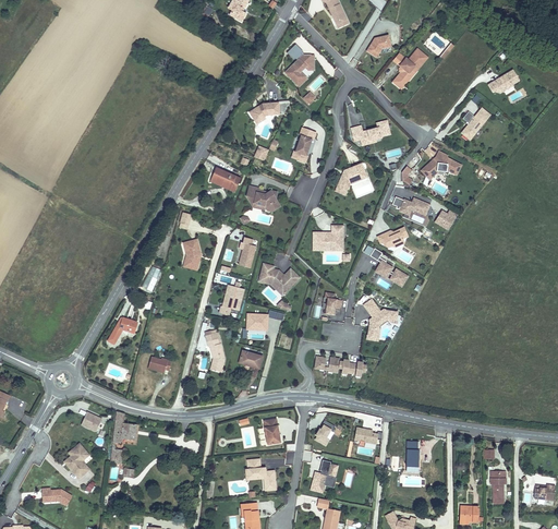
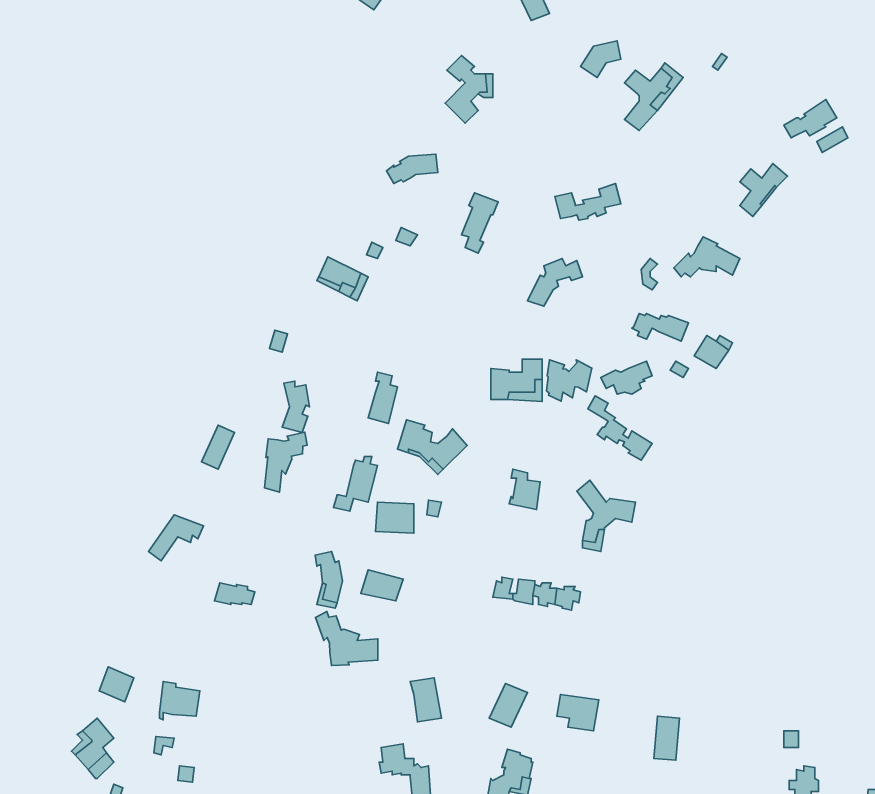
building: [246,184,280,211] -> none
building: none -> [547,360,592,401]
building: none -> [264,432,307,492]
building: none -> [316,611,378,665]

